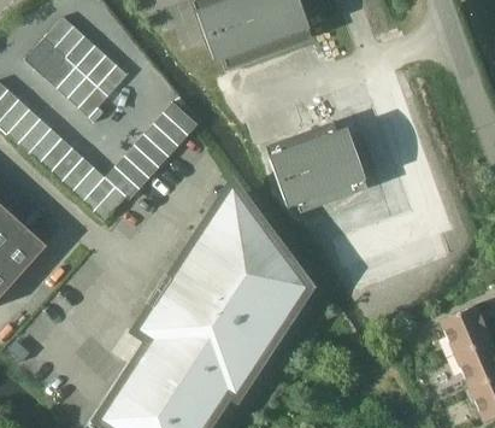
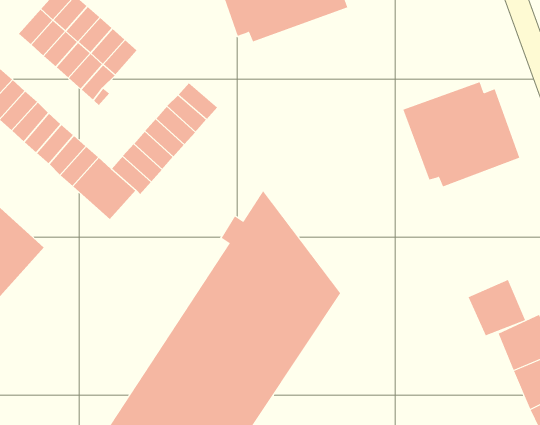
building: [266,122,369,213] -> [402,82,520,187]
building: none -> [468,279,526,336]

